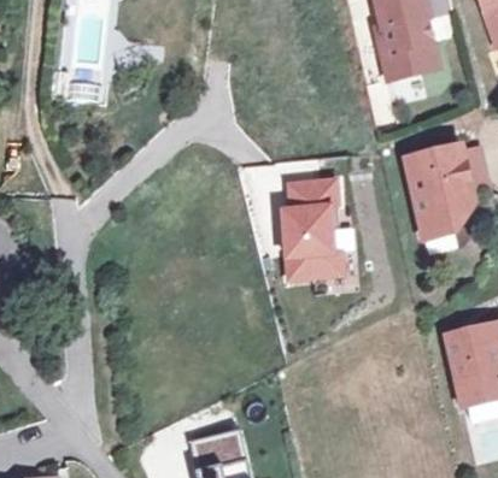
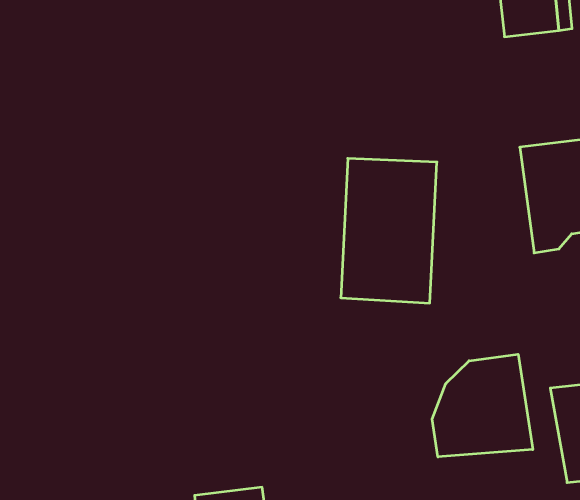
building: none -> [432,354,533,457]

